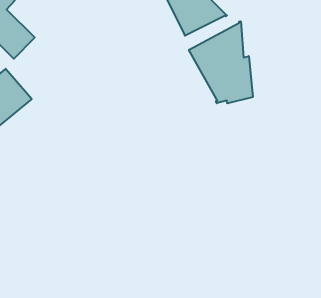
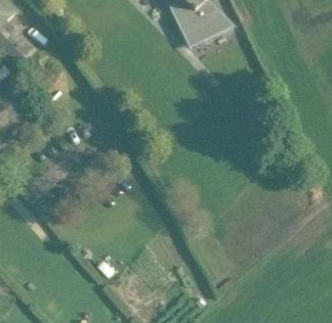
building: [189,21,253,103] -> none

